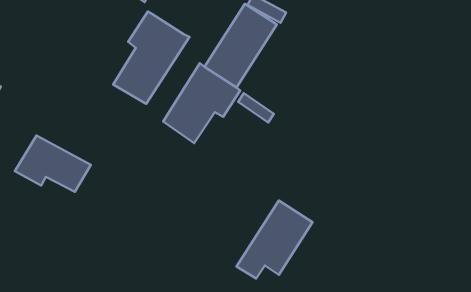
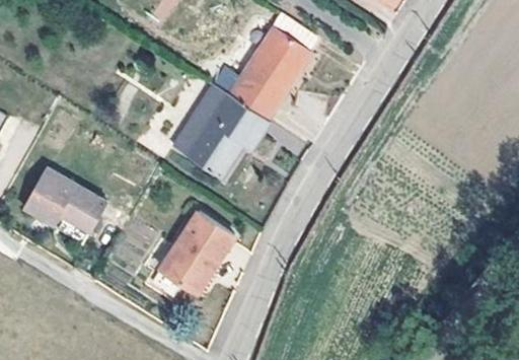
building: [113,11,190,104] -> none
building: [237,201,313,279] -> [151,212,233,296]

